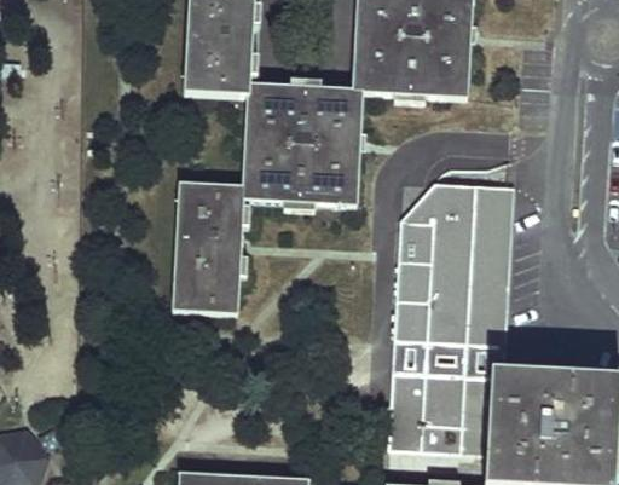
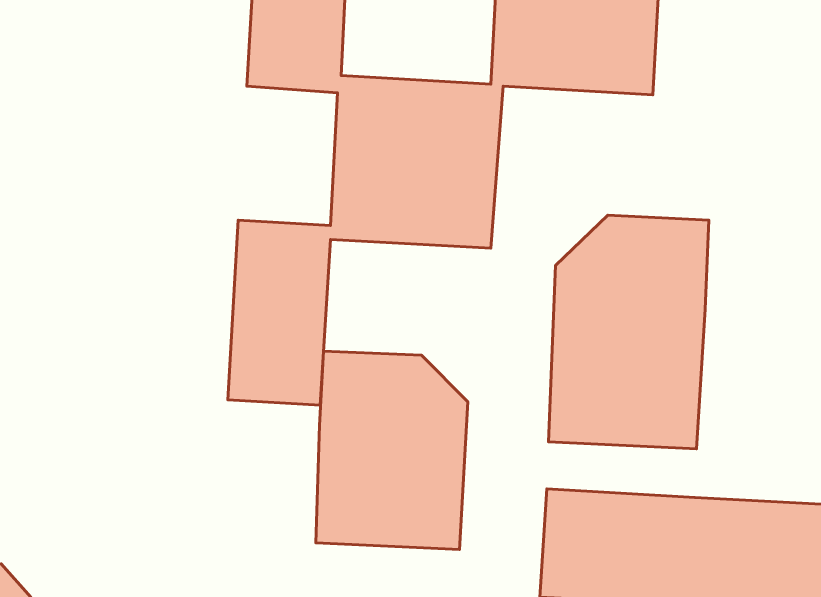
building: none -> [316,351,468,549]
building: [393,339,497,377] -> none

